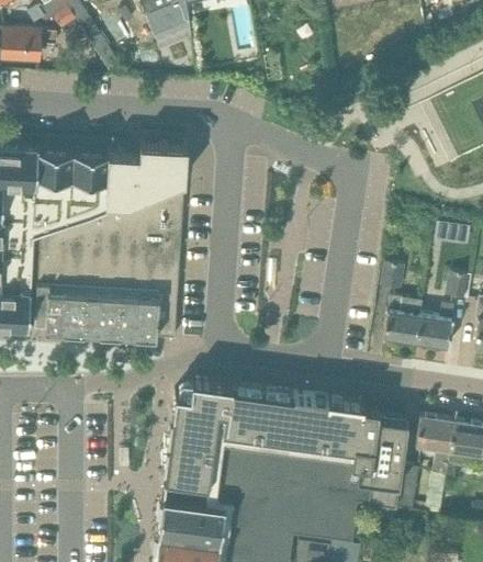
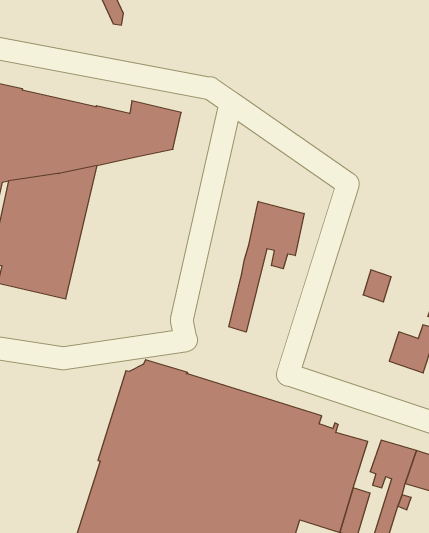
building: [111,182,187,339] -> none
building: none -> [229,201,304,332]
building: [384,299,424,345] -> none

